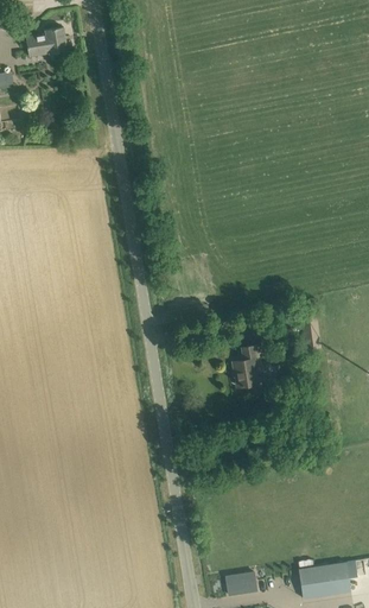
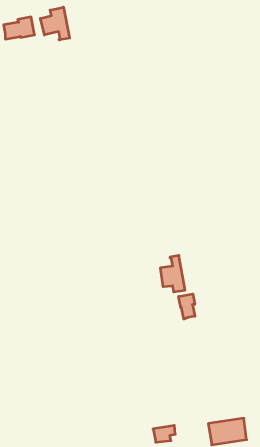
building: none -> [40,7,70,40]
building: none -> [179,294,195,319]

